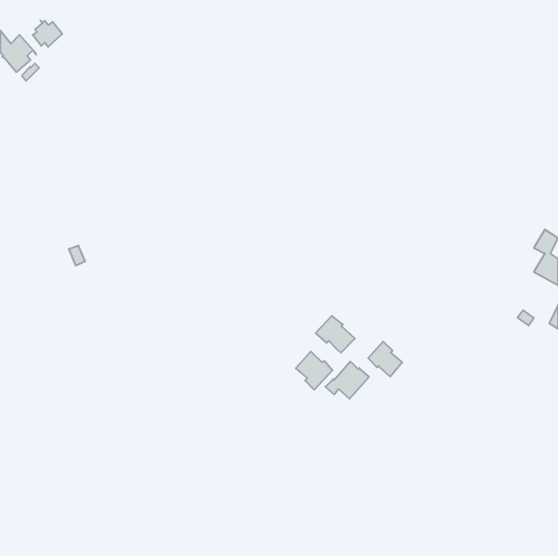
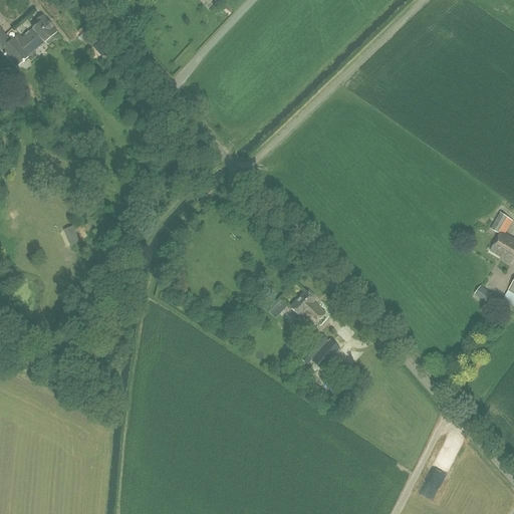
building: [368,342,402,377] -> none
building: [296,351,333,390] -> none

